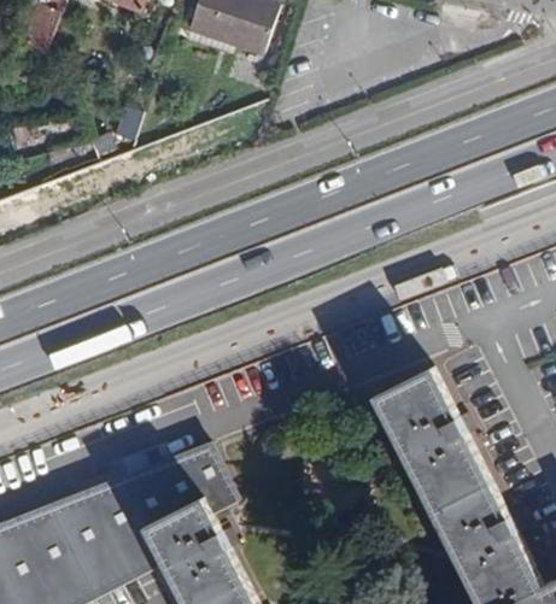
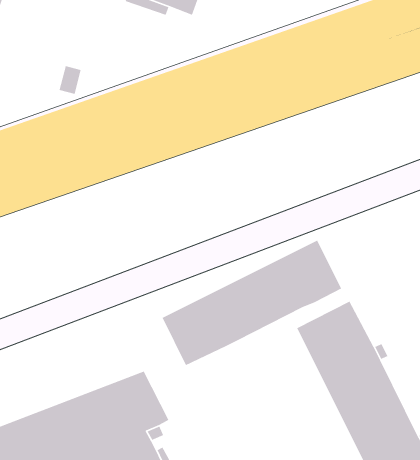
building: none -> [161,239,342,366]

